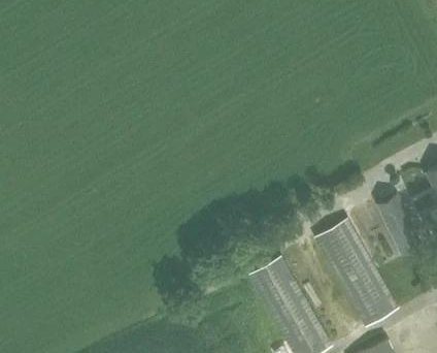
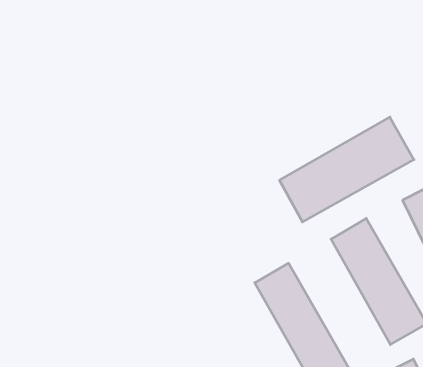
building: none -> [280,117,414,222]

